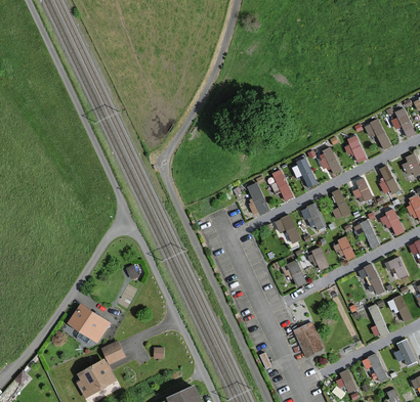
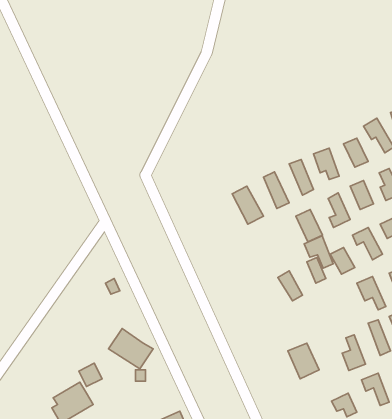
building: [274,214,300,243] -> [304,236,333,268]
building: [68,307,109,344] -> [109,329,153,369]
building: none -> [342,335,365,371]

